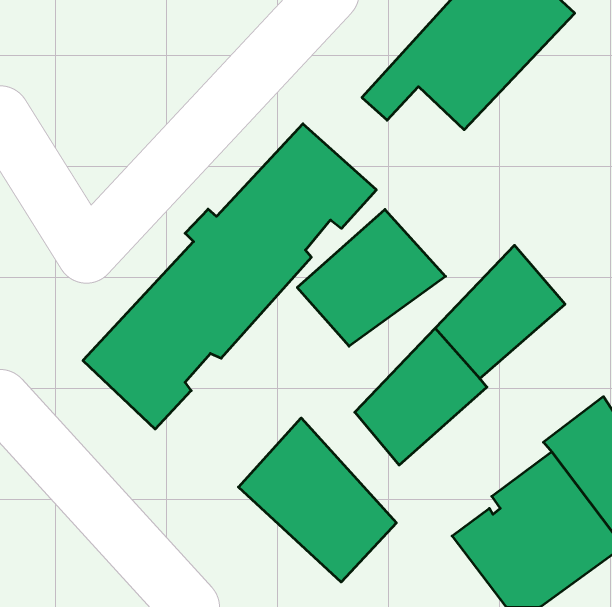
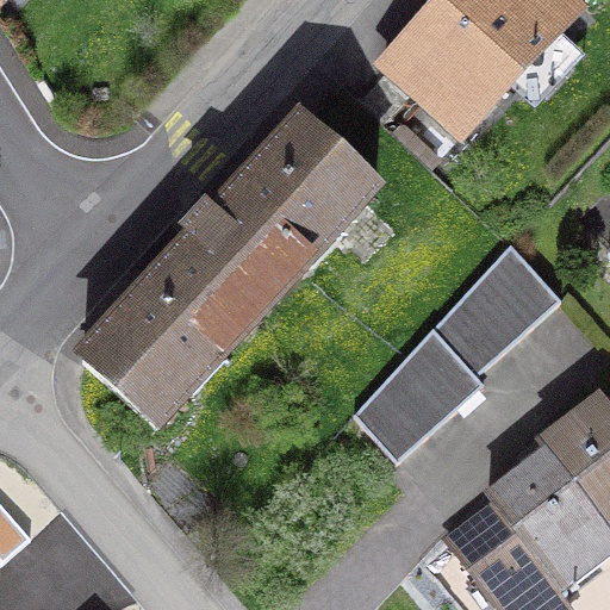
building: [297,209,446,346] -> none
building: [238,418,396,582] -> none

